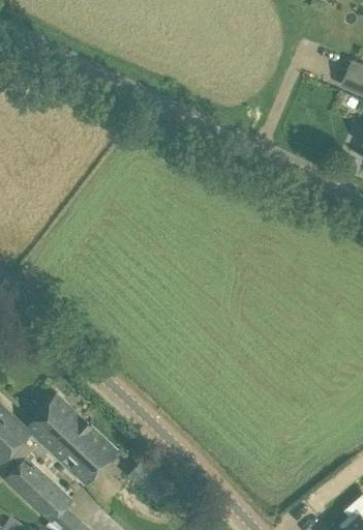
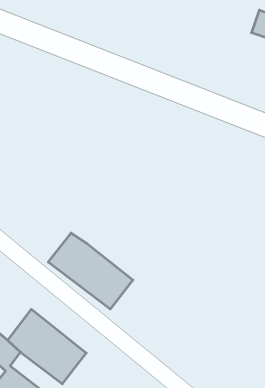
building: none -> [48,233,133,309]

